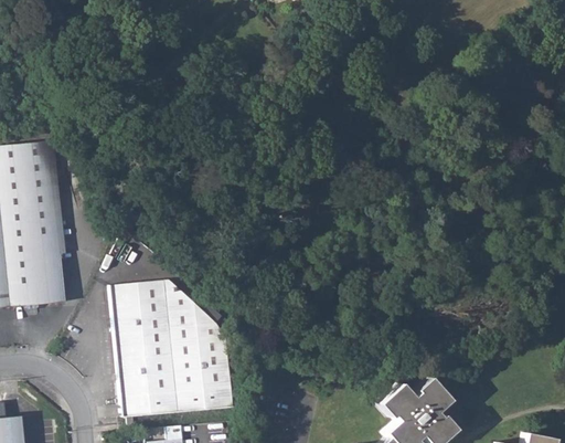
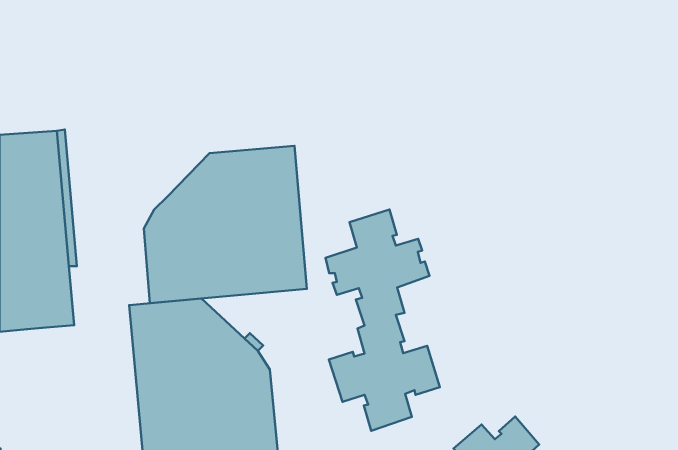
building: none -> [144,146,307,303]
building: none -> [325,210,440,431]

